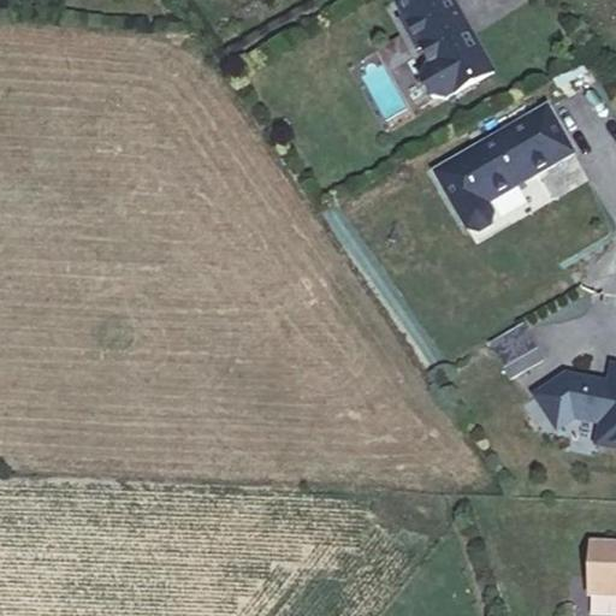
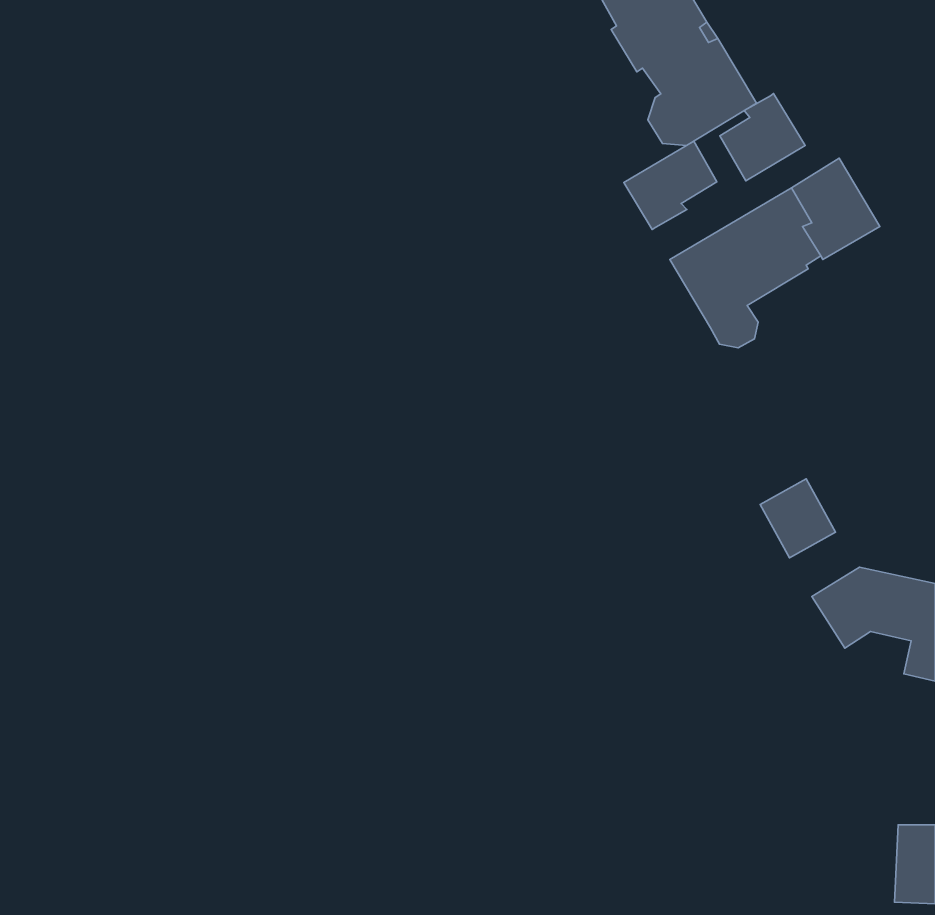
building: none -> [720,94,805,181]
building: none -> [624,141,717,230]

